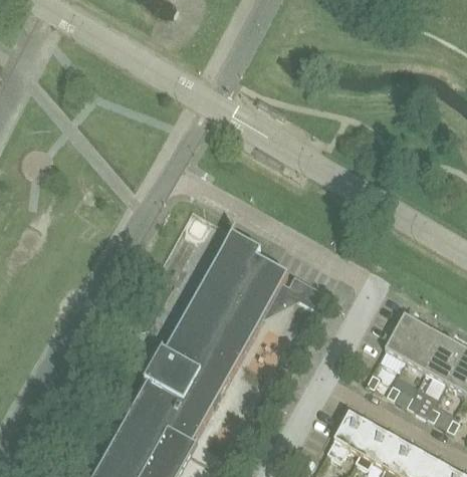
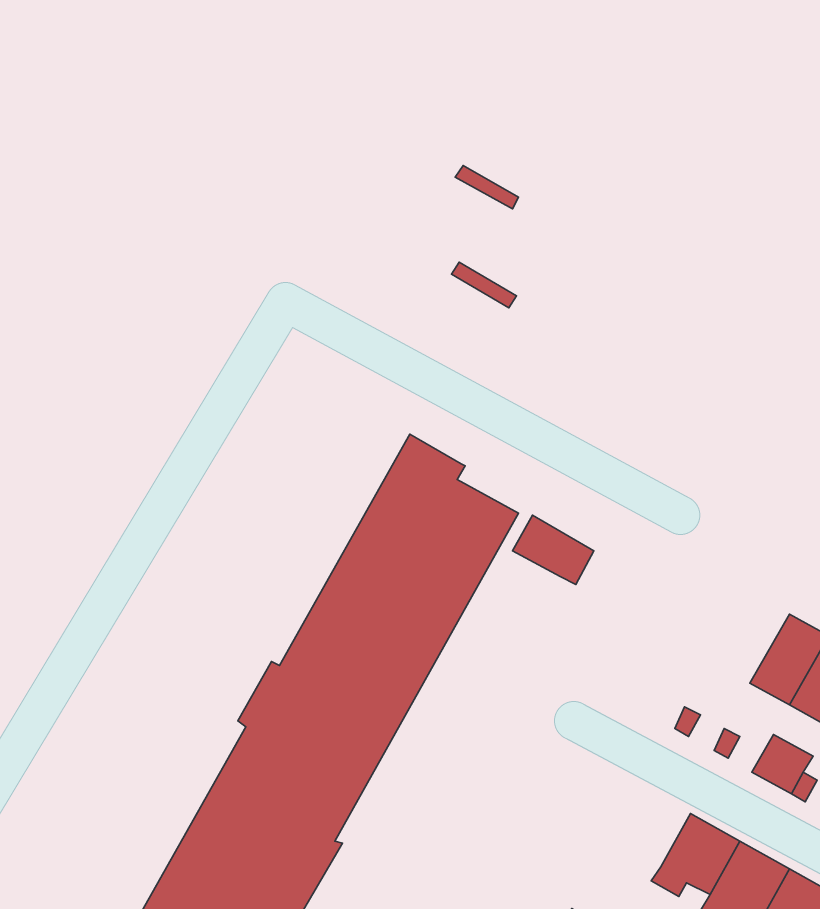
building: [384,310,424,357] -> none
building: [325,410,374,458] -> none

